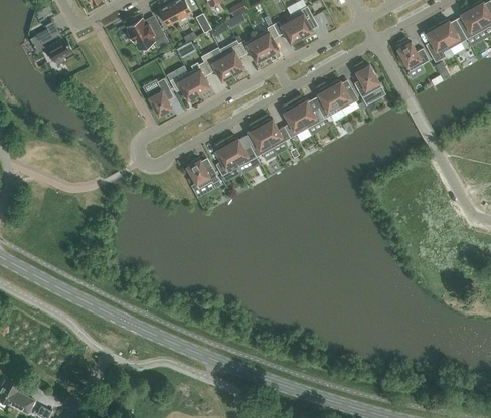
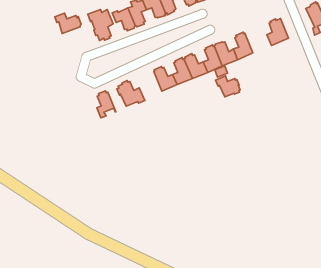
building: [328,80,357,109] -> none
building: none -> [55,13,81,33]
building: none -> [215,76,240,97]
building: [214,143,238,175] -> [97,91,116,118]

